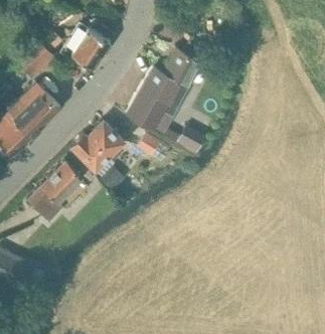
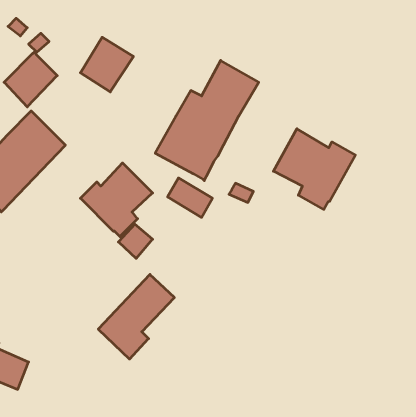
building: none -> [273,129,355,209]
building: [26,161,83,223] -> [98,274,174,359]

